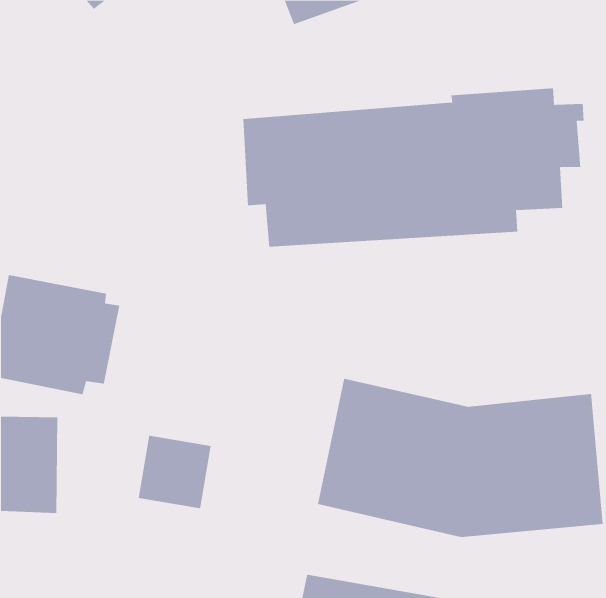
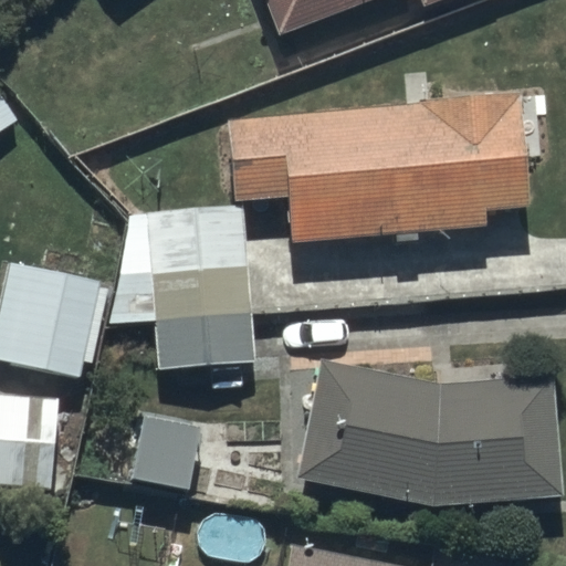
building: none -> [111,207,254,369]

